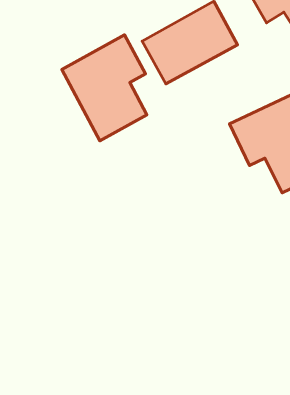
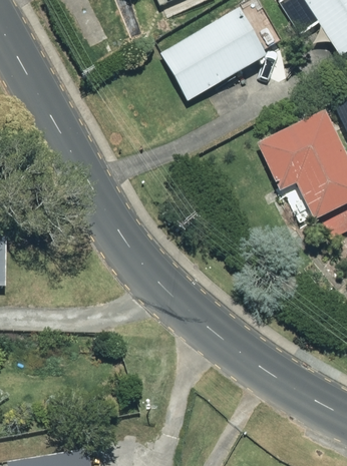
building: [62,35,147,141] -> none

